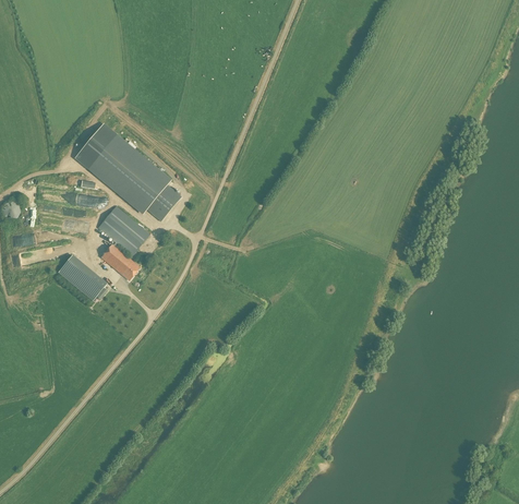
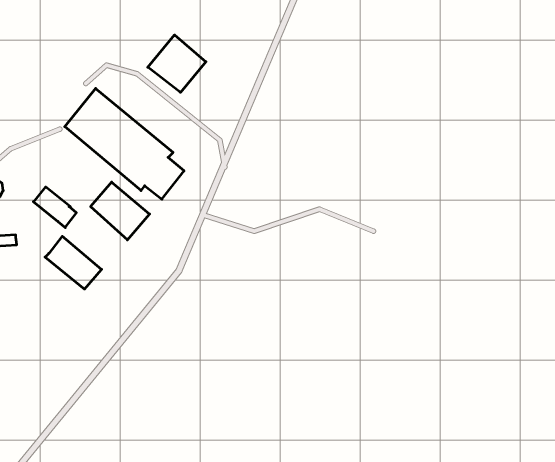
building: none -> [148,35,206,92]
building: [100,244,138,280] -> [33,187,76,228]

